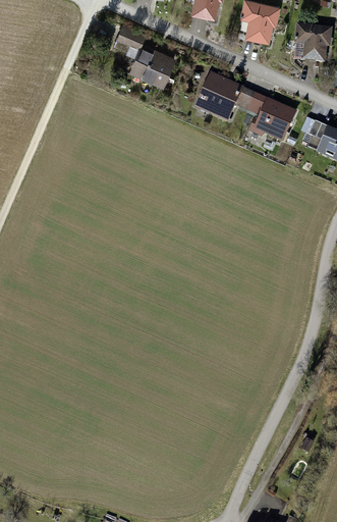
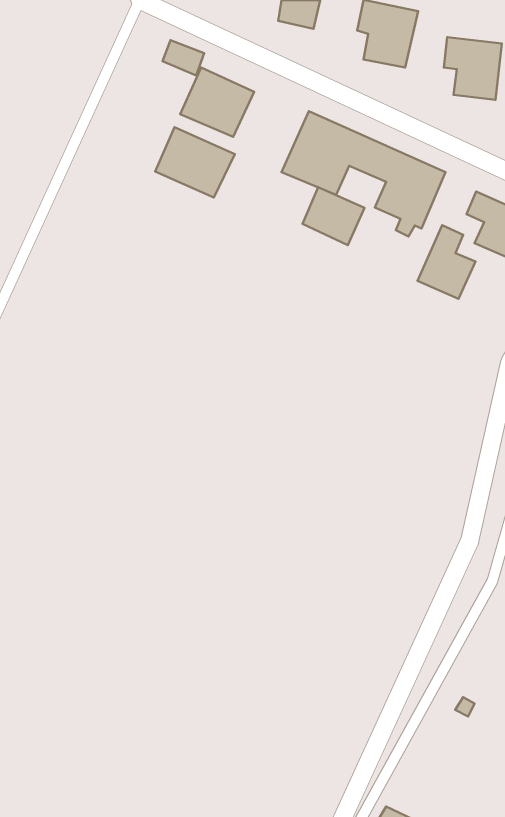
building: none -> [155,127,235,197]
building: none -> [302,187,364,245]
building: none -> [418,225,475,299]

